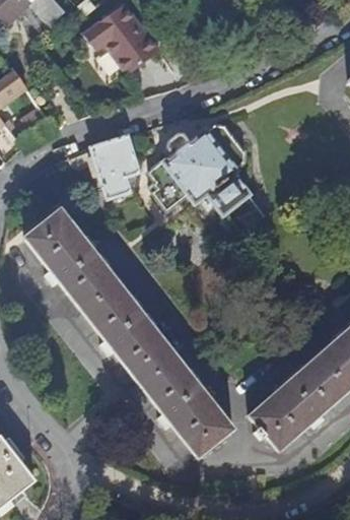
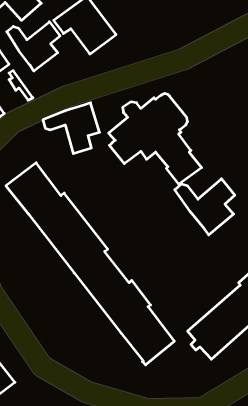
building: none -> [7,22,60,71]
building: none -> [175,179,235,235]

